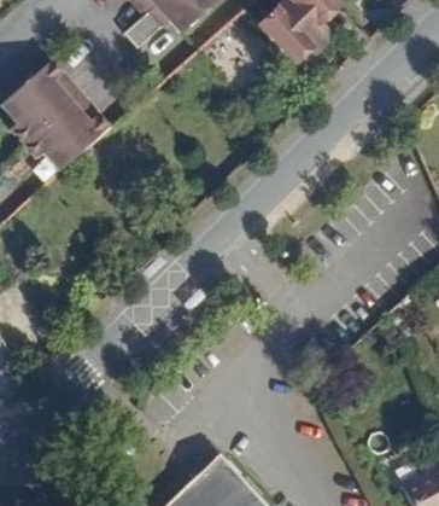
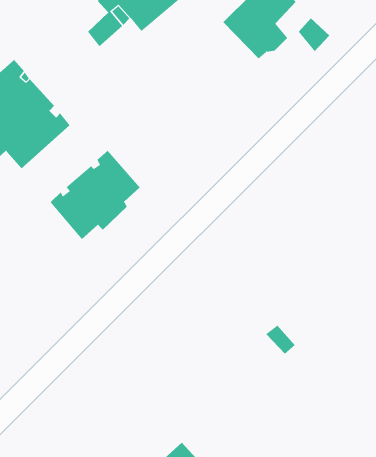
building: none -> [50,150,141,240]

